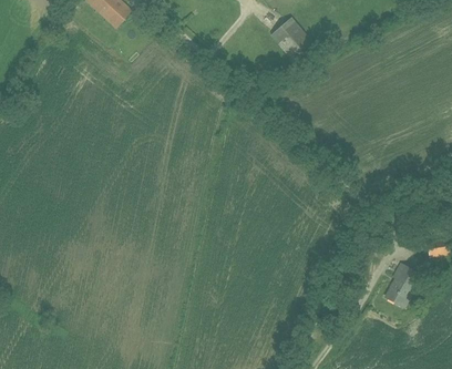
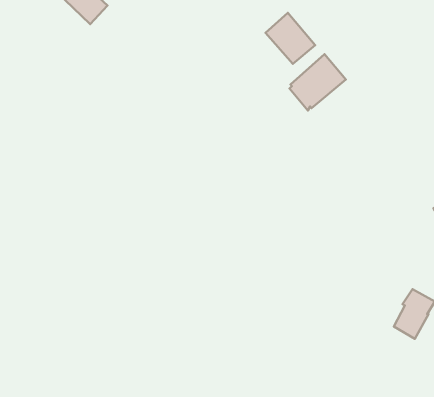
building: none -> [289,54,346,110]

